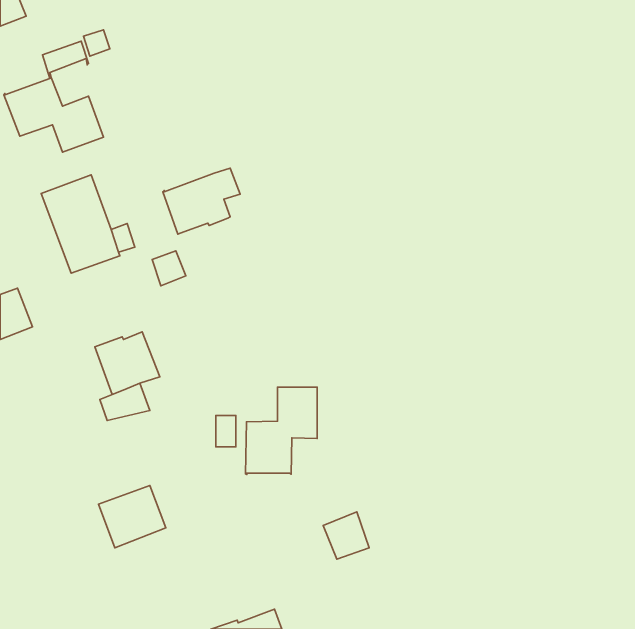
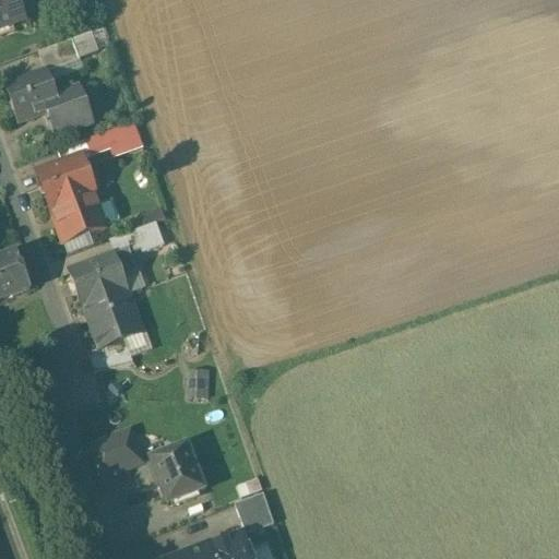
building: none -> [85,124,128,151]
building: [163,168,240,234] -> [70,247,138,305]
building: [245,387,317,475] -> none
building: none -> [151,441,205,501]
building: [323,512,369,559] -> [235,489,275,531]

